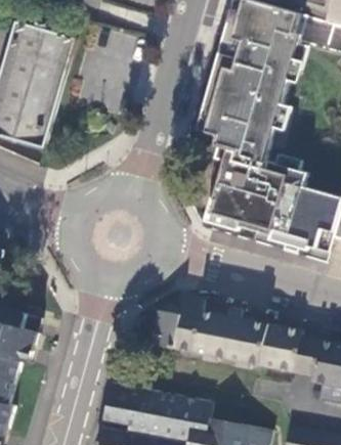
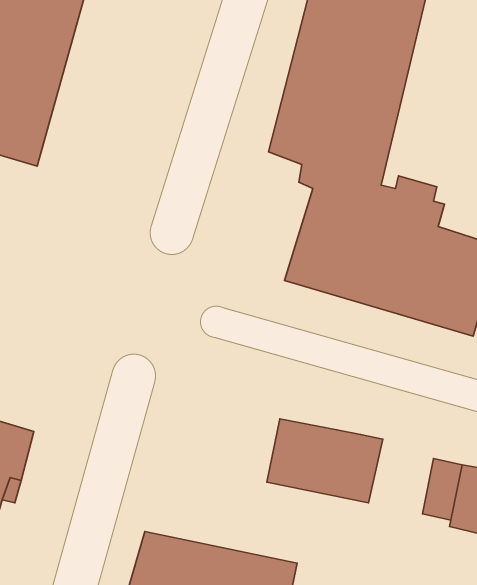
building: [151,296,203,353] -> none
building: [258,325,301,373] -> none

